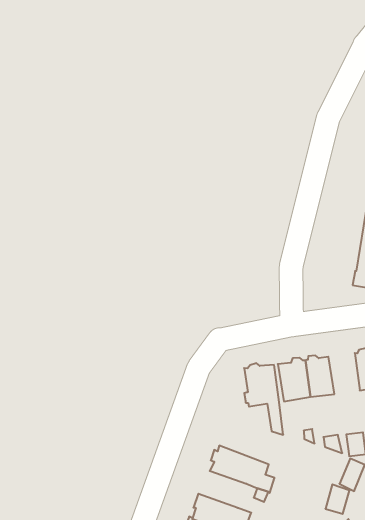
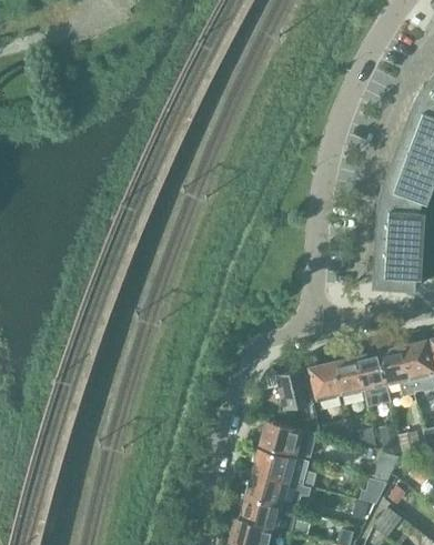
building: none -> [355,351,387,393]
building: none -> [260,423,316,460]
building: none -> [245,475,290,507]

